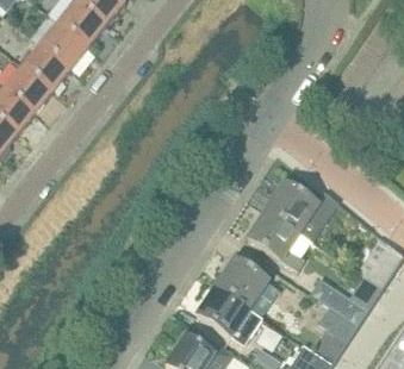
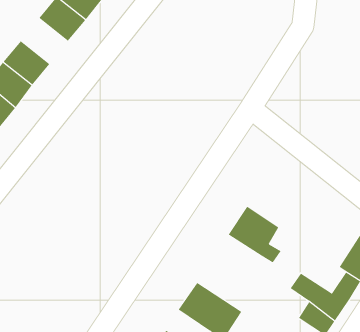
building: [39,20,87,67] -> none
building: [266,180,337,239] -> none
building: [216,256,280,314] -> none

